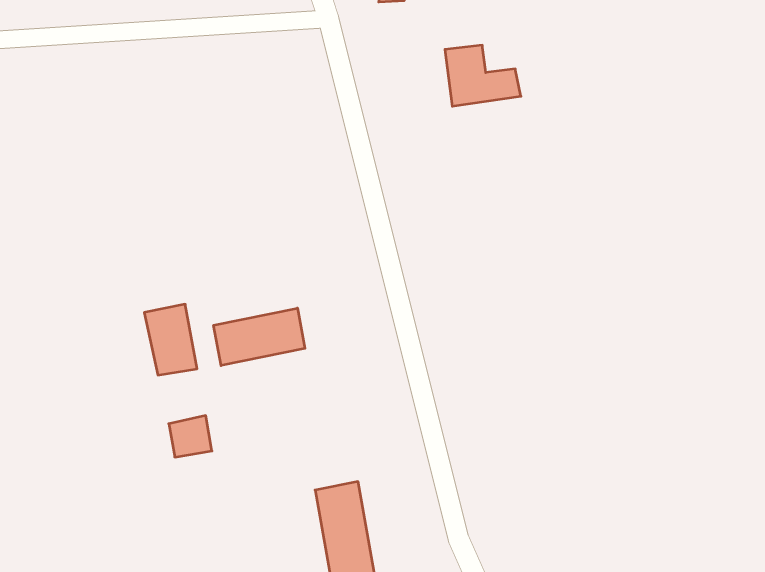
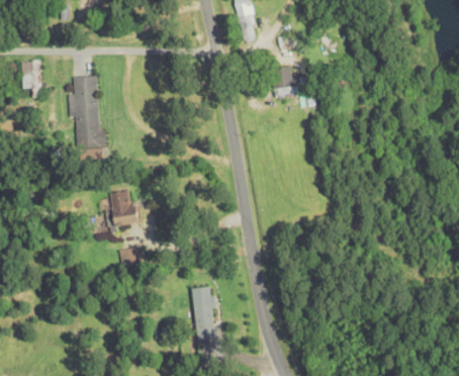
building: none -> [68,76,105,147]
building: [214,308,305,366] -> none

